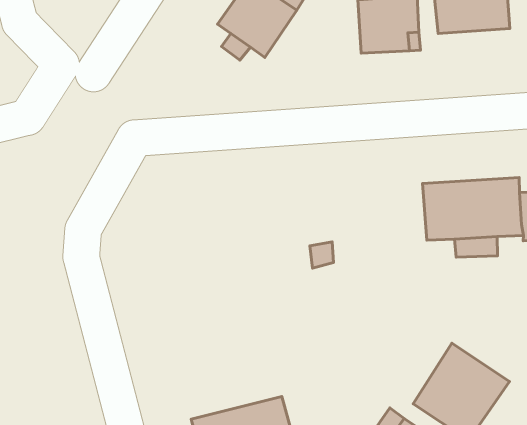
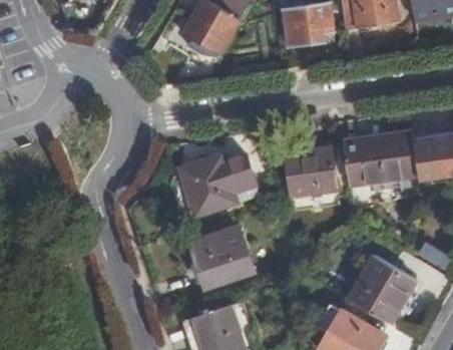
building: none -> [285,146,337,194]
building: none -> [181,154,260,215]
building: none -> [193,232,252,287]

